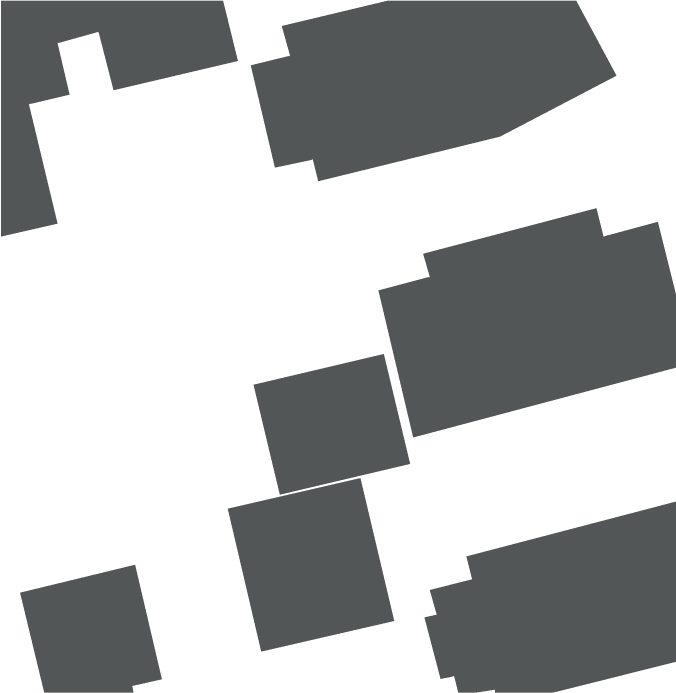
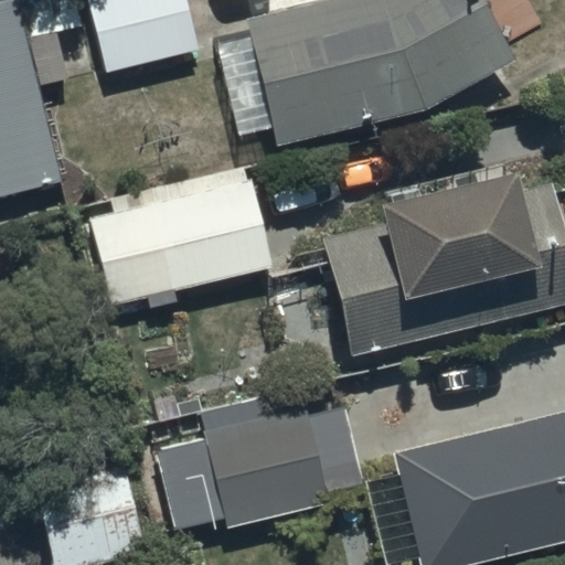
building: none -> [84,167,273,308]
building: [253,353,411,496] -> none

